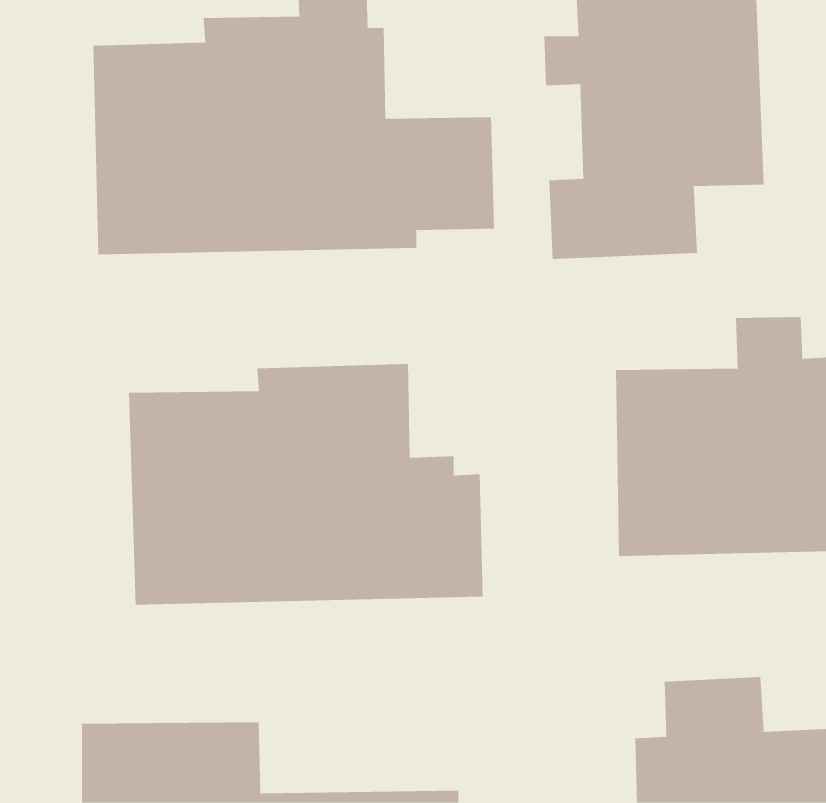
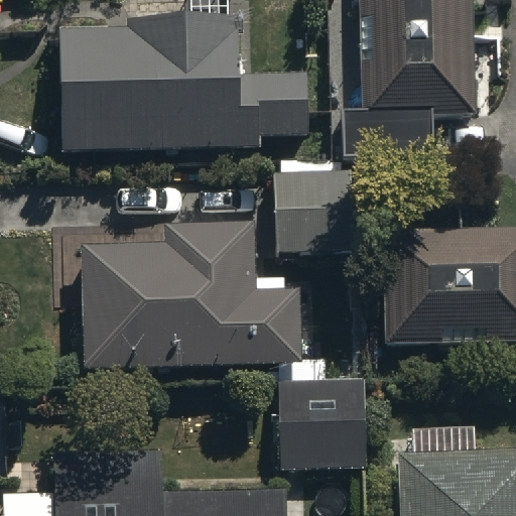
building: none -> [274,171,354,253]
building: none -> [276,377,367,469]

